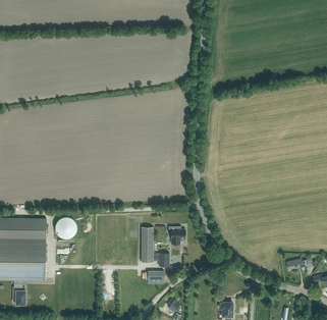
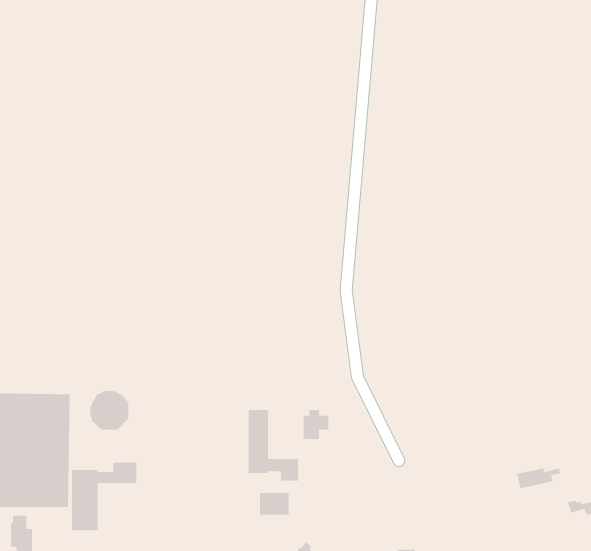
building: none -> [72,462,137,531]

